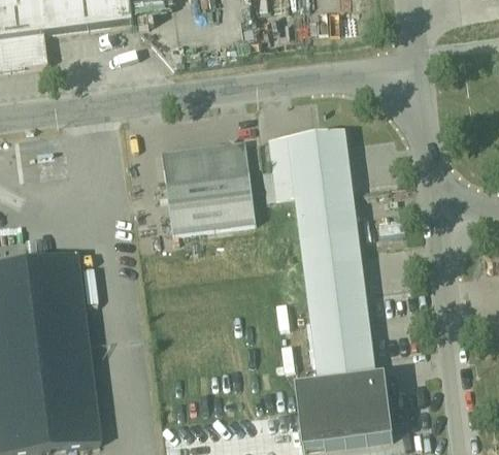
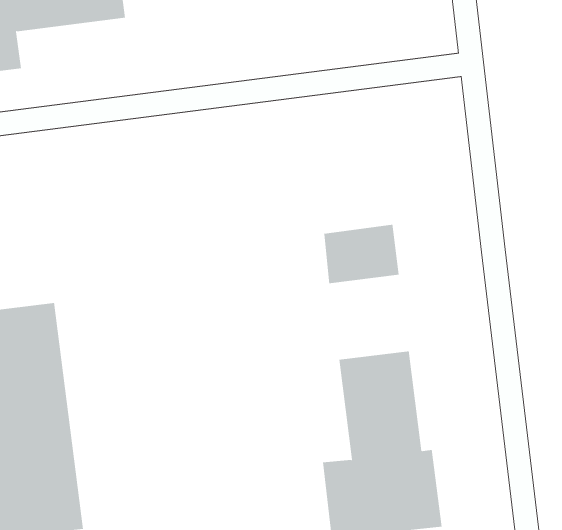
building: [268,131,352,202] -> none
building: [163,139,258,232] -> none
building: [299,233,365,302] -> none

